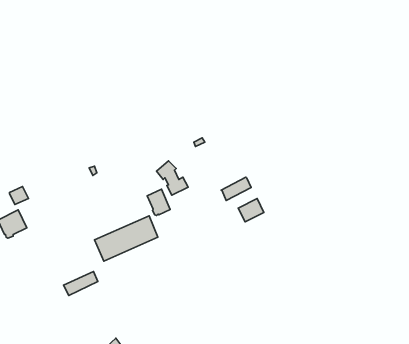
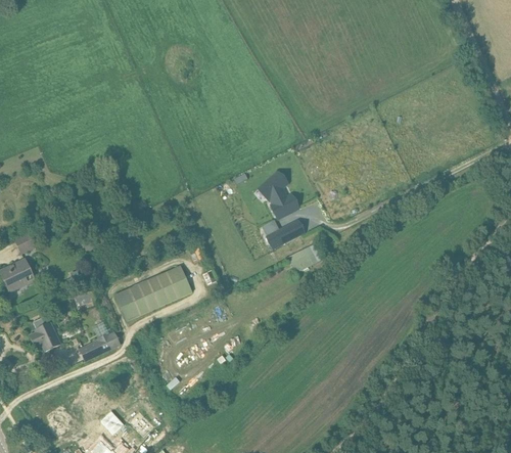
building: [156,161,188,195] -> [260,175,297,216]
building: [147,189,170,215] -> none
building: none -> [30,317,60,350]

